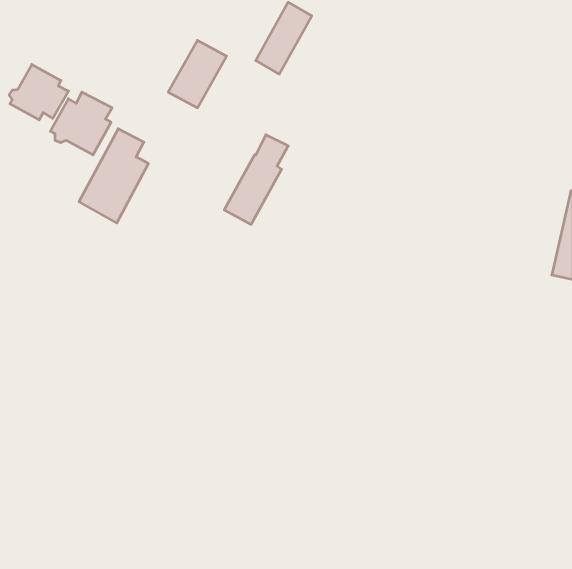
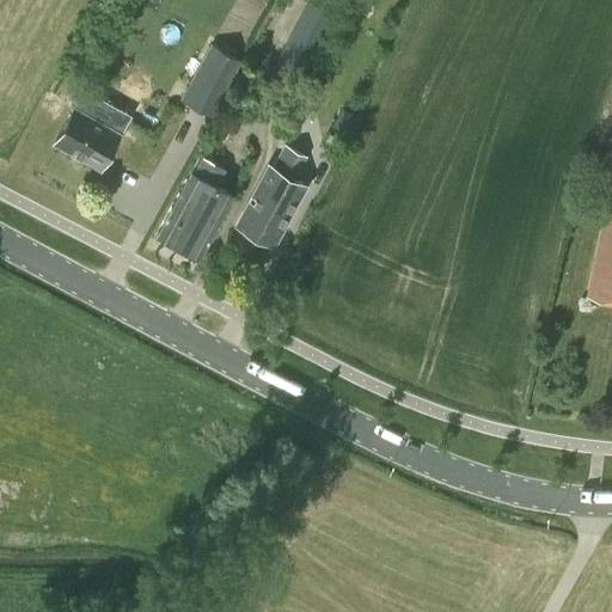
building: [9,64,69,120] -> none
building: [79,129,148,223] -> [158,159,232,259]

